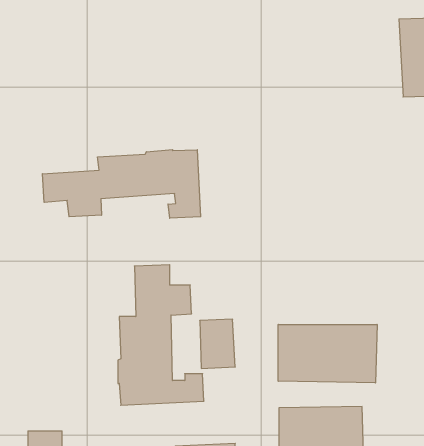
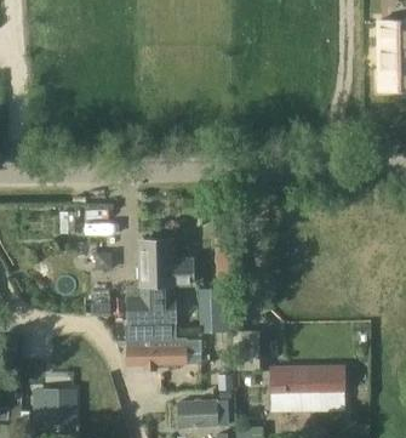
building: [42,150,201,218] -> none
building: [278,324,377,383] -> none

